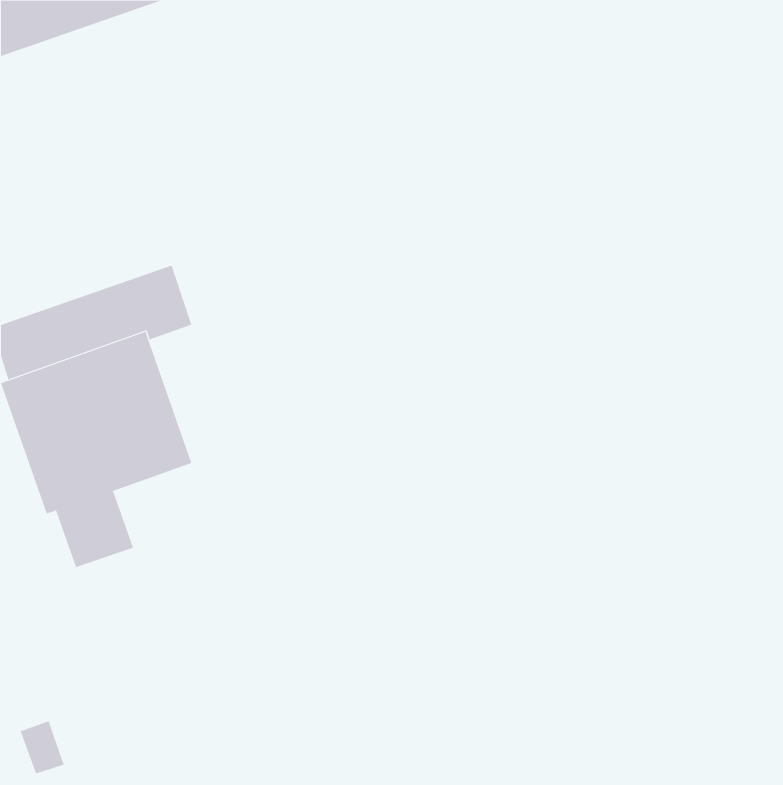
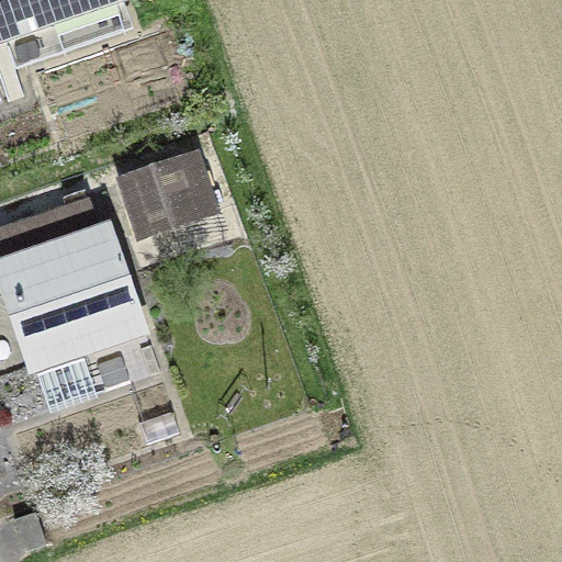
building: none -> [123,159,214,237]

